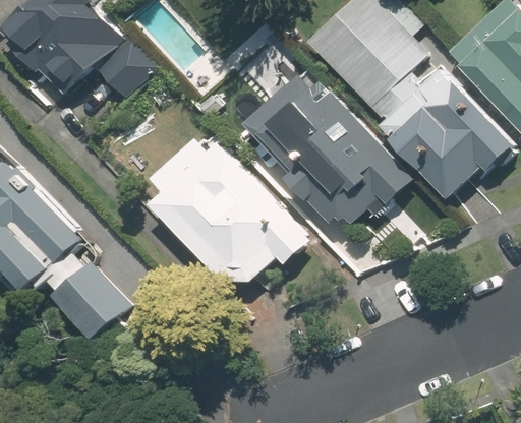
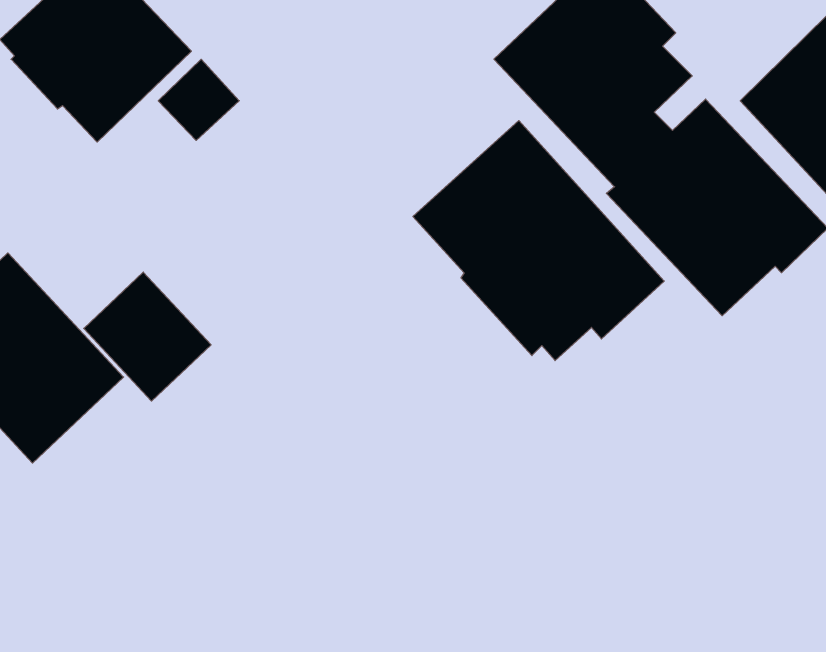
building: [149,139,310,294] -> none
building: [50,257,128,337] -> [84,272,211,401]

